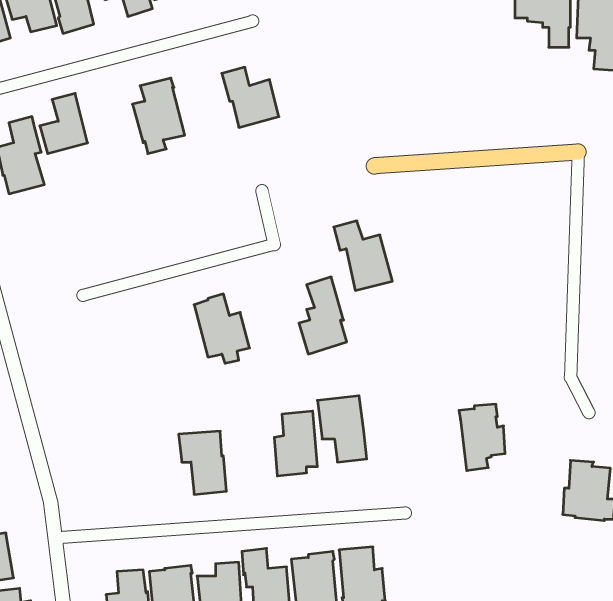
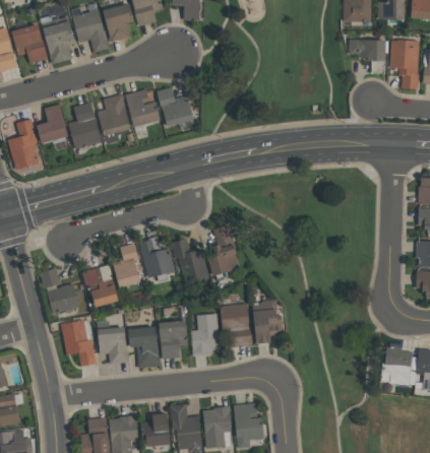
building: none -> [126,88,161,126]
building: none -> [69,102,103,148]
building: [334,221,392,290] -> [171,239,209,284]
building: none -> [113,243,140,287]
building: none -> [82,264,119,307]
building: none -> [40,268,79,314]
building: [459,404,505,471] -> [252,300,283,343]
building: none -> [61,319,97,366]
building: none -> [159,320,188,359]
building: none -> [98,326,128,364]

